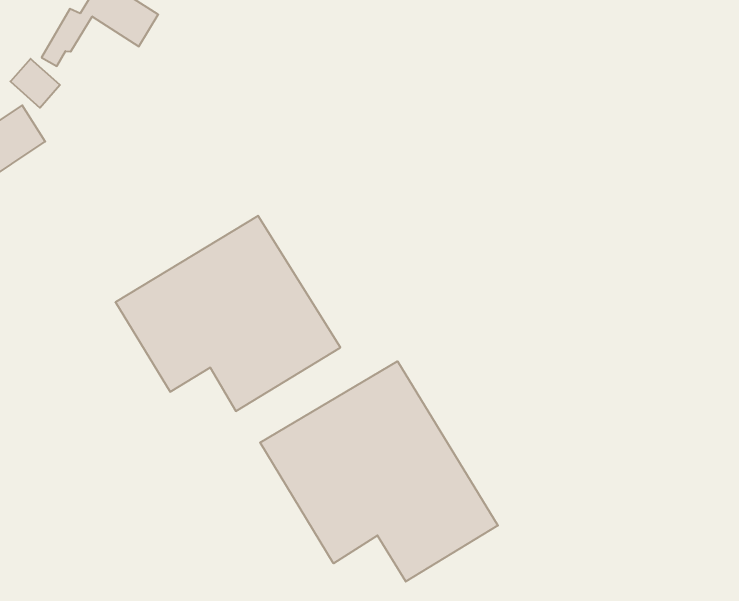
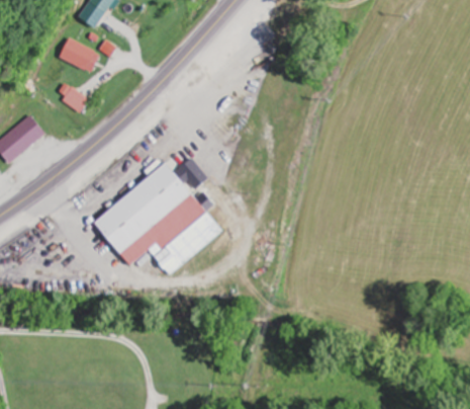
building: [10,59,60,108] -> [59,86,87,113]
building: [260,361,498,582] -> none

